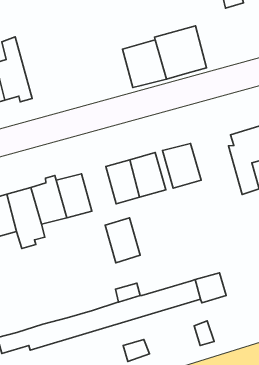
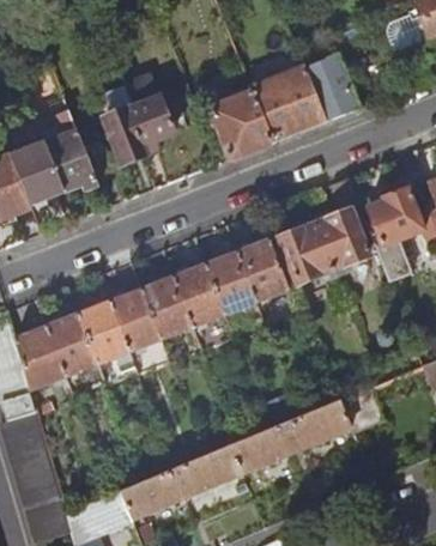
building: none -> [103,73,172,163]
building: none -> [303,55,355,121]
building: none -> [313,175,368,269]
building: [105,218,140,263] -> [172,265,223,326]

